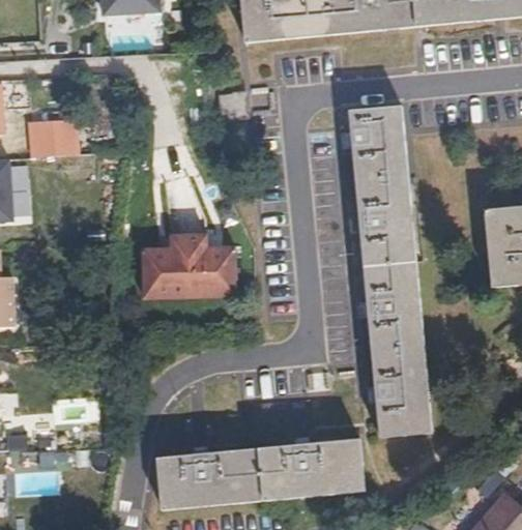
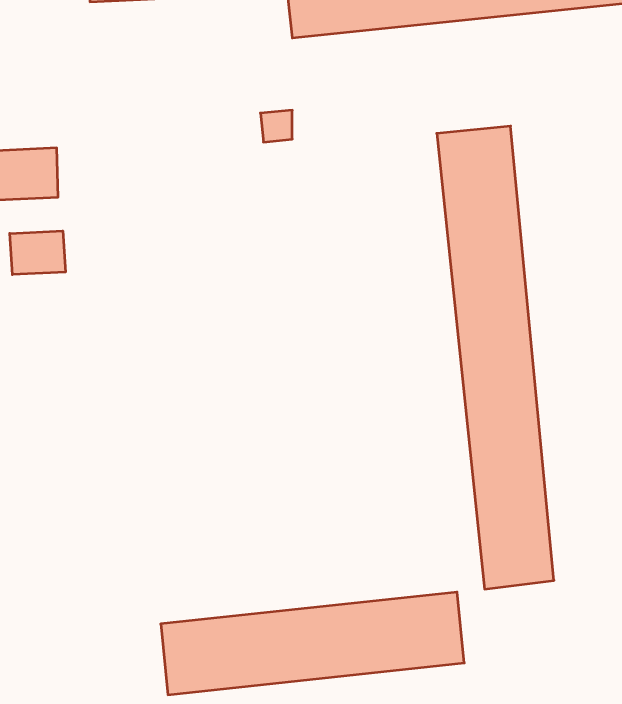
building: none -> [10,231,65,275]
building: [139,229,233,300] -> none

